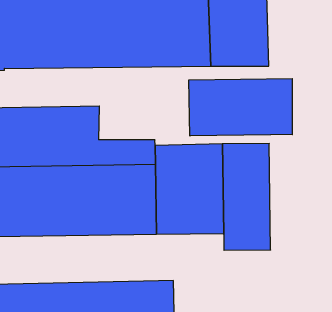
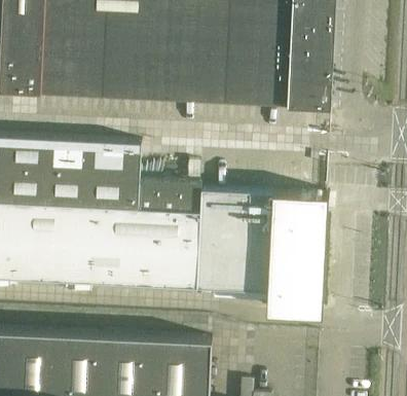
building: [189,79,292,136] -> none

